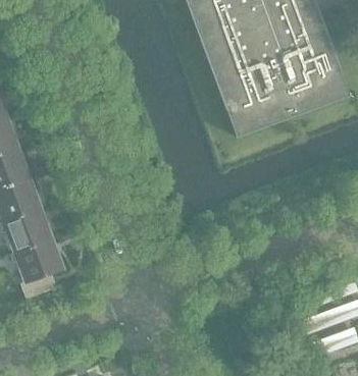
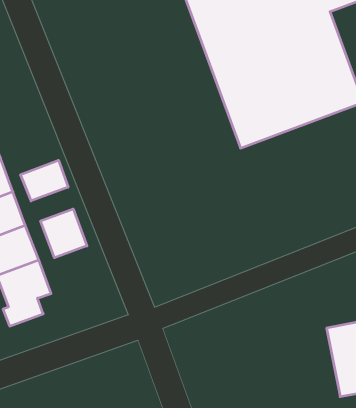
building: none -> [21,160,68,201]
building: none -> [41,209,87,258]

